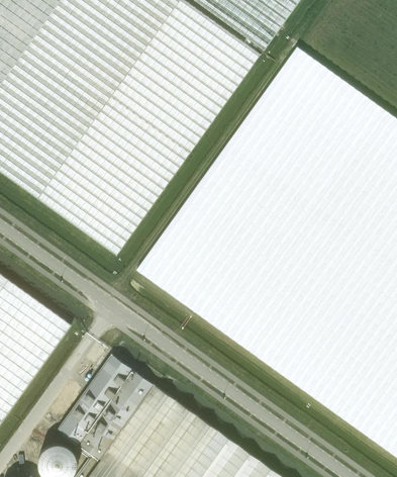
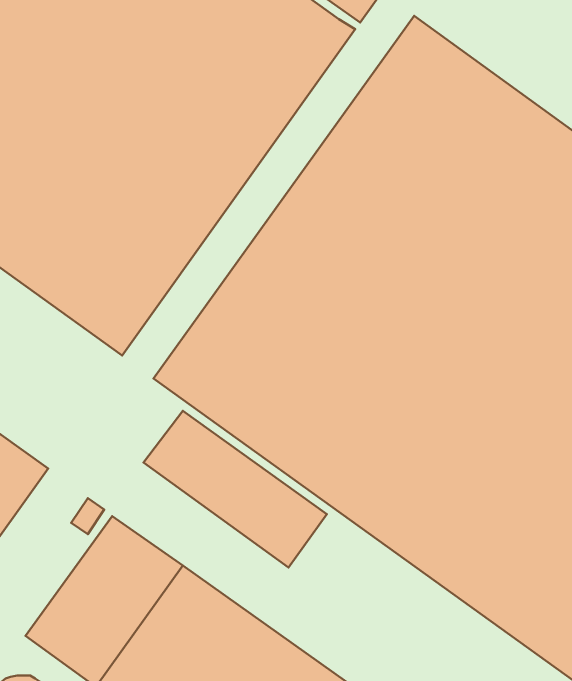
building: none -> [143,411,327,568]

